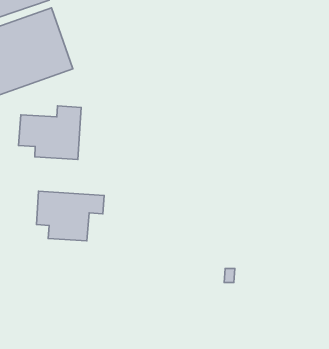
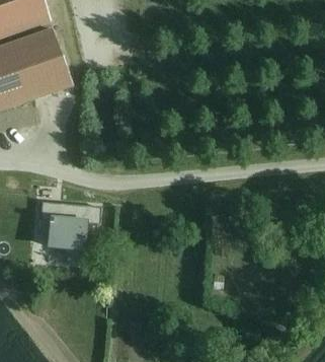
building: [18,106,81,160] -> none

